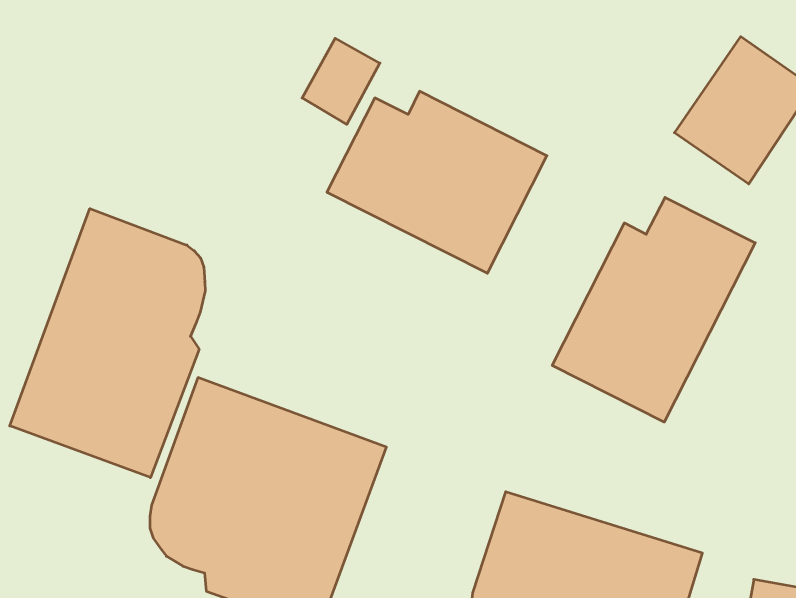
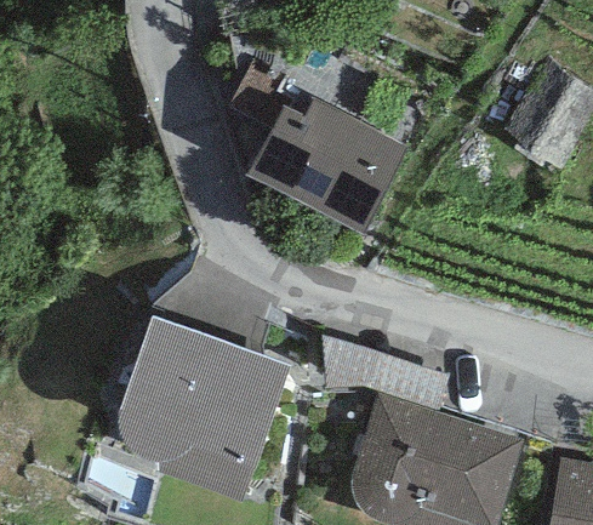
building: [552,197,755,422] -> none
building: [10,209,205,478] -> none

